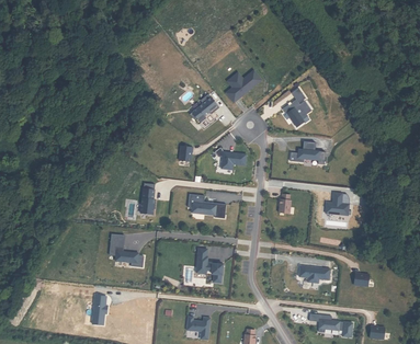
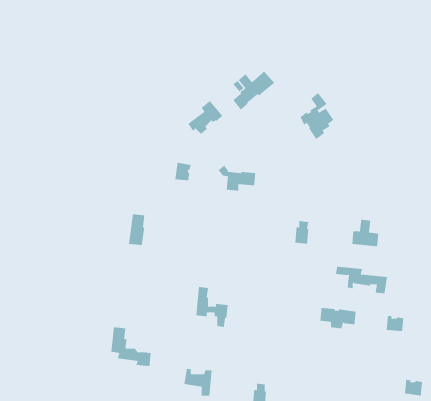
building: [290,140,326,163] -> none
building: [188,193,226,217] -> none
building: [110,233,144,266] -> [110,327,151,367]
building: [309,313,353,336] -> [335,266,388,294]

